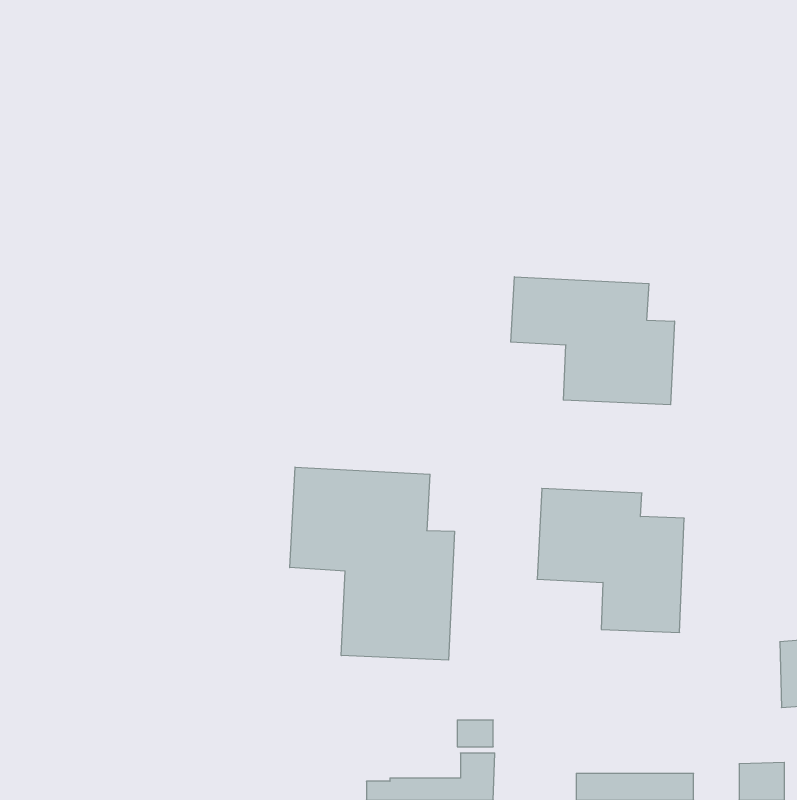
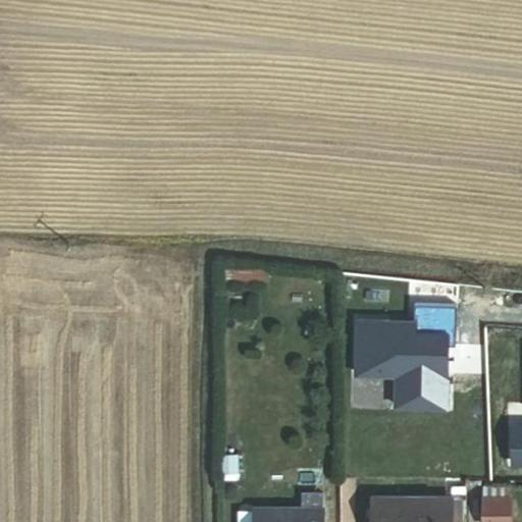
building: [511,277,674,405] -> none
building: [290,467,454,660] -> none

